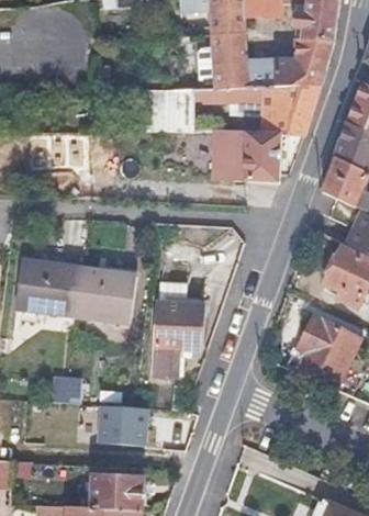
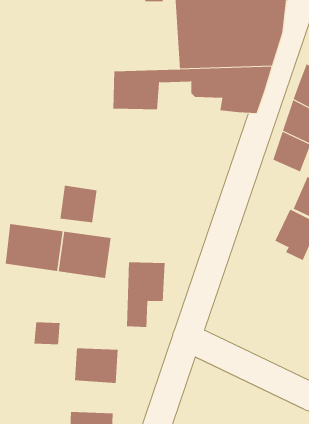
building: [219,130,283,181] -> none
building: none -> [60,185,97,223]
building: [289,315,358,388] -> none

